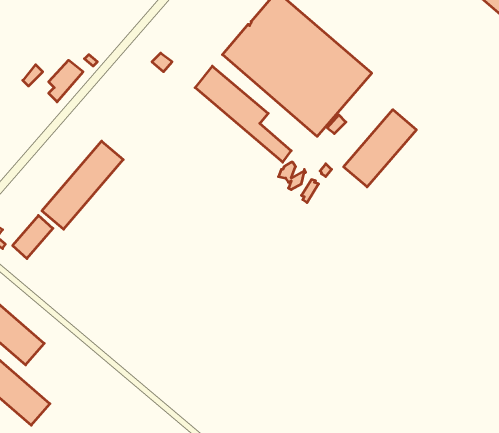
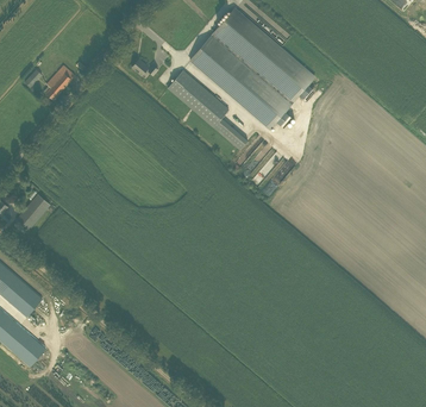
building: [344,110,416,187] -> none
building: [42,141,123,229] -> none

